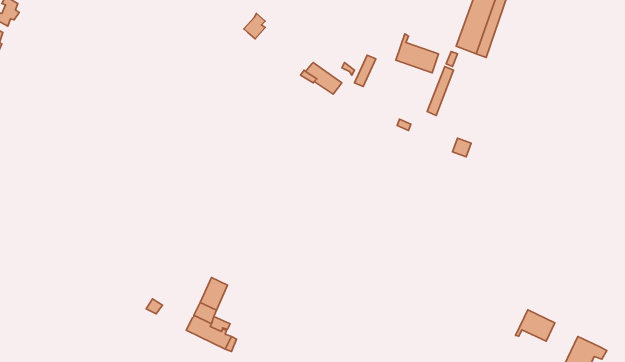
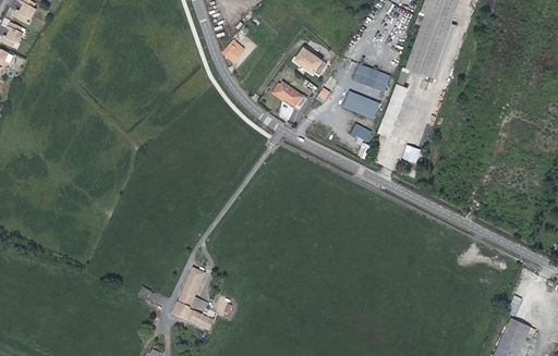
building: none -> [293,47,326,74]
building: none -> [342,90,379,119]
building: [515,310,555,341] -> none

